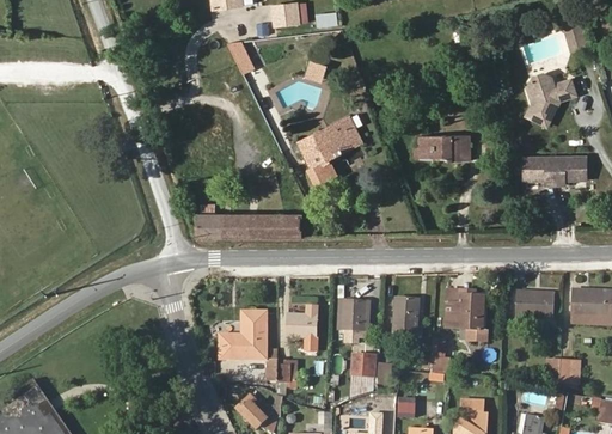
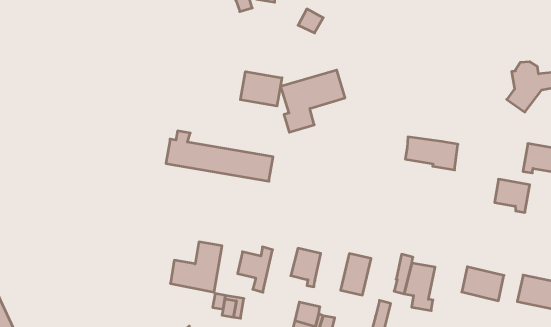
building: none -> [240,72,282,106]
building: [417,135,470,161] -> [405,137,458,170]
building: [522,157,555,185] -> [495,179,530,212]

